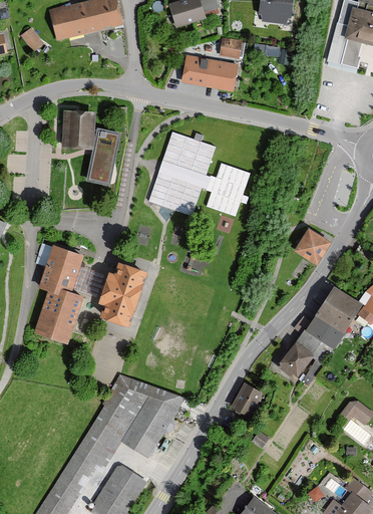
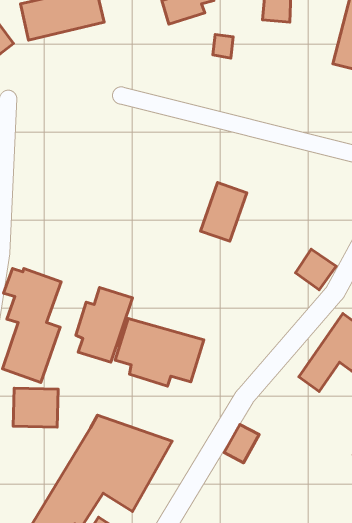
building: [179,56,240,90] -> none
building: [61,110,126,188] -> none
building: [153,139,218,217] -> none
building: none -> [115,318,204,386]
building: [275,338,317,381] -> none
building: none -> [13,388,58,427]

